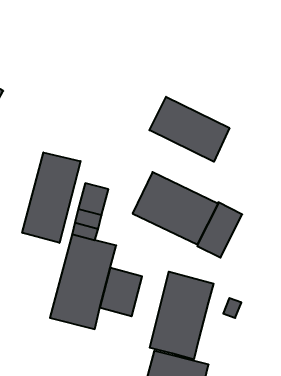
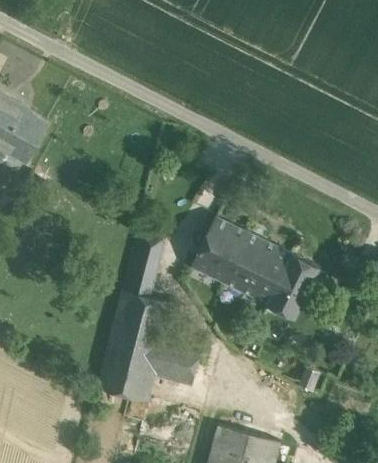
building: [149,97,229,162] -> none
building: [22,152,81,243] -> none
building: [150,272,214,359] -> none

